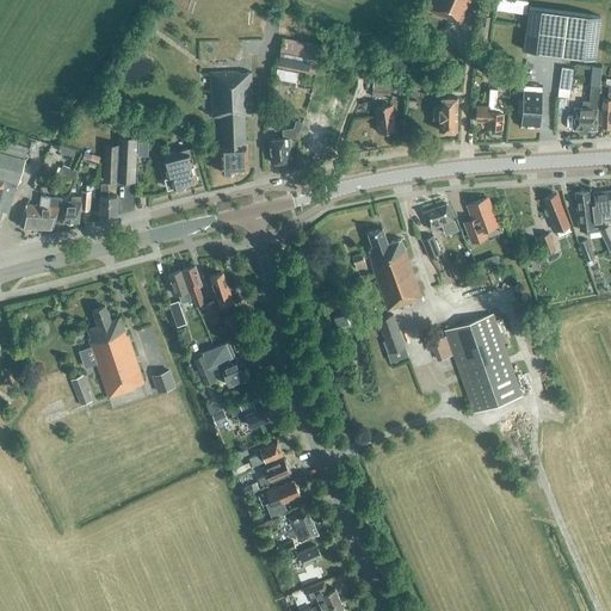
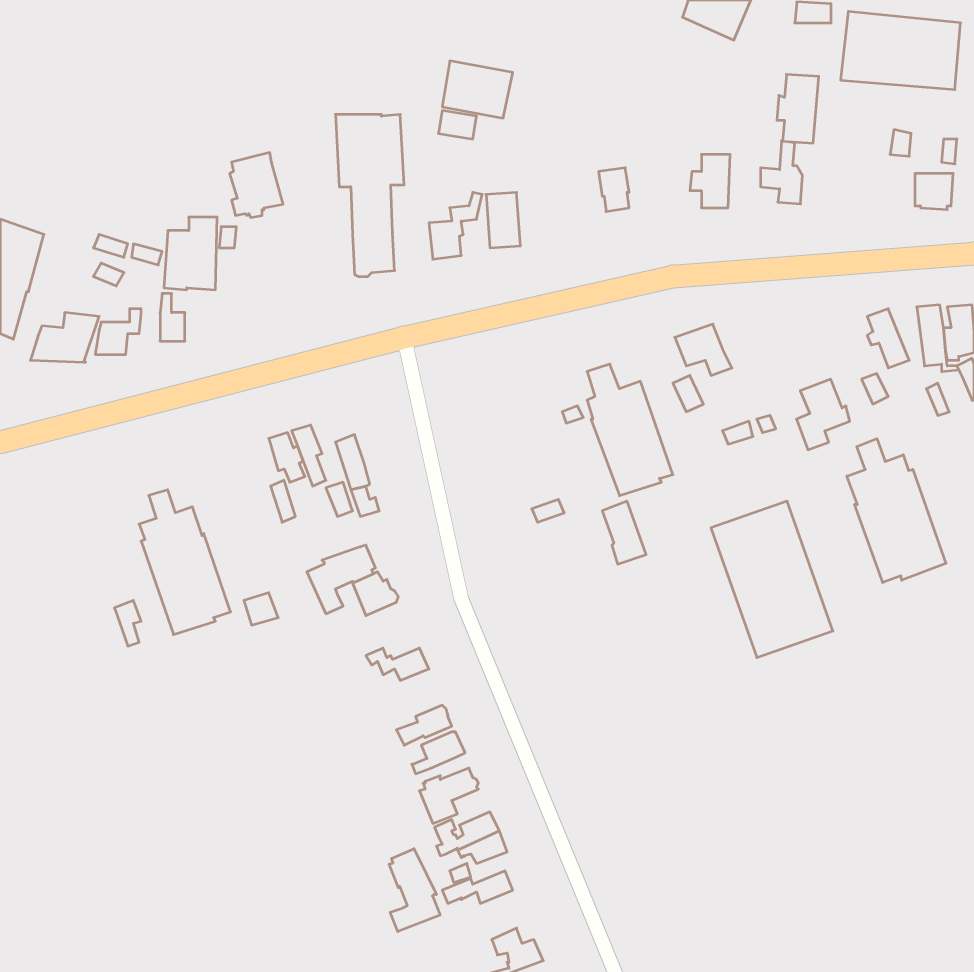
building: [517,86,543,129] -> [777,74,819,143]
building: [163,149,197,190] -> [230,153,283,217]
building: [465,199,499,243] -> [796,379,850,450]
building: none -> [847,439,946,583]
building: none -> [389,849,440,932]

